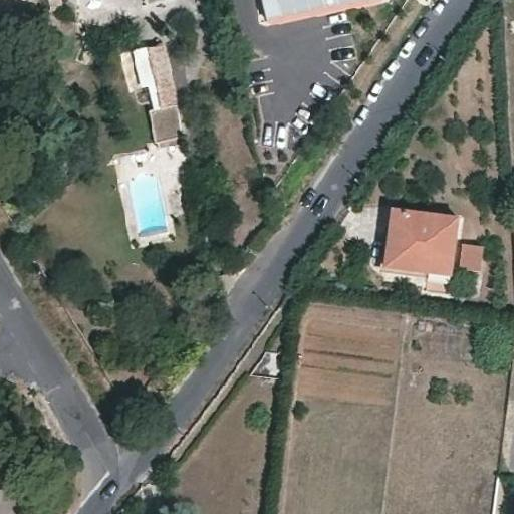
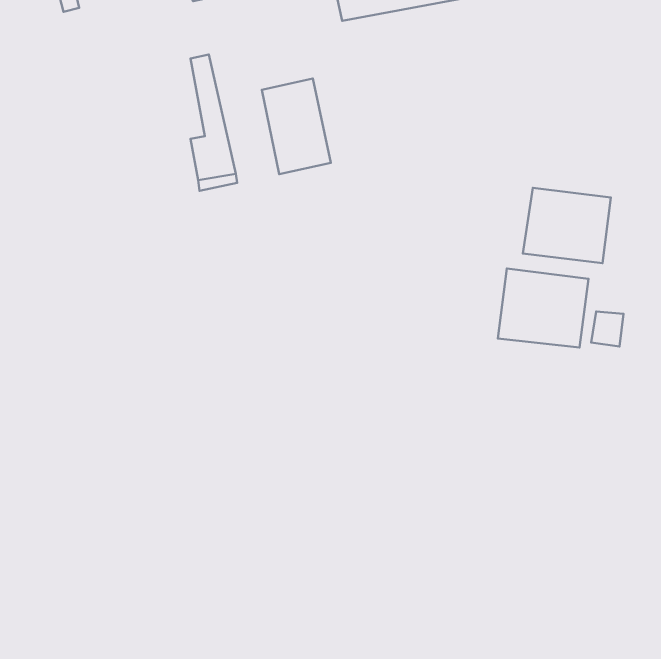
building: none -> [262,79,331,174]
building: none -> [523,188,611,263]

